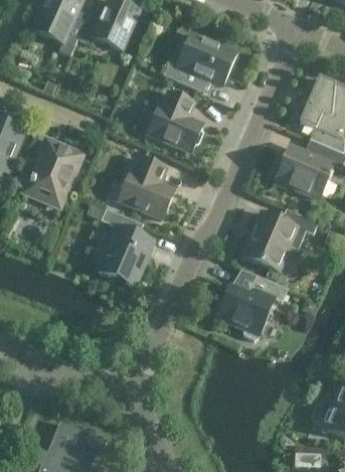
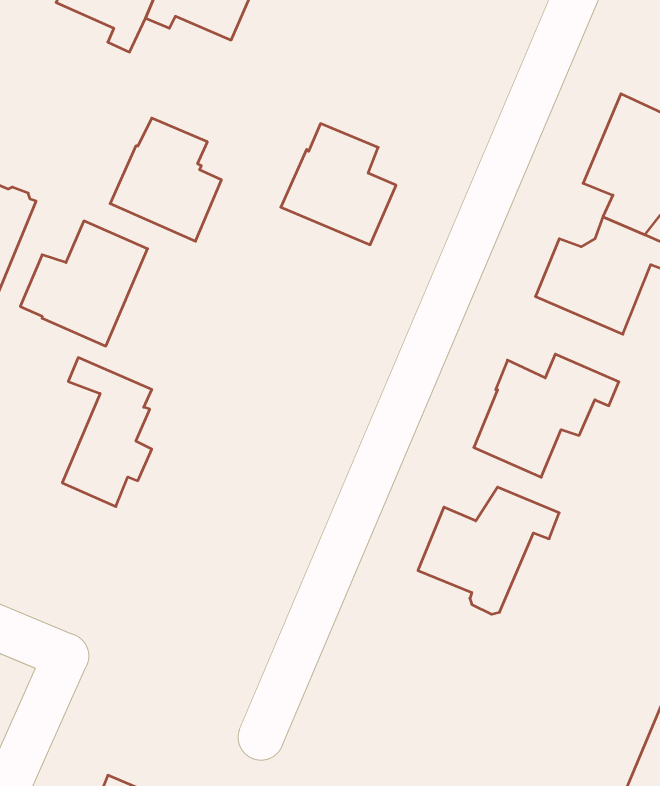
building: [163,34,234,90] -> none
building: [119,156,175,218] -> [110,118,221,241]
building: [98,207,143,283] -> [62,358,152,507]

